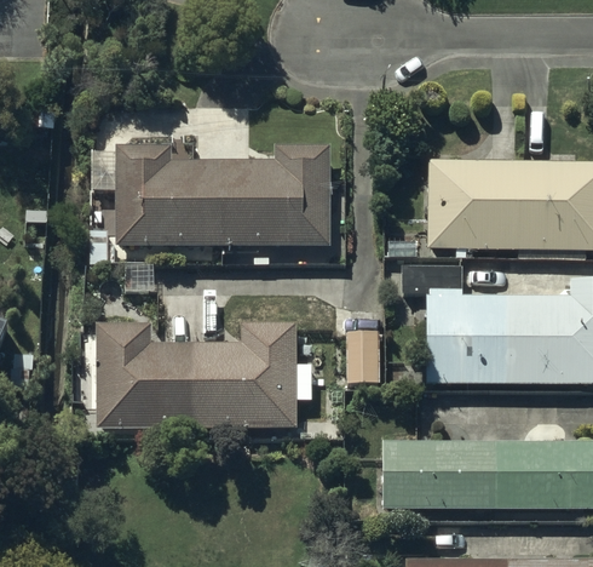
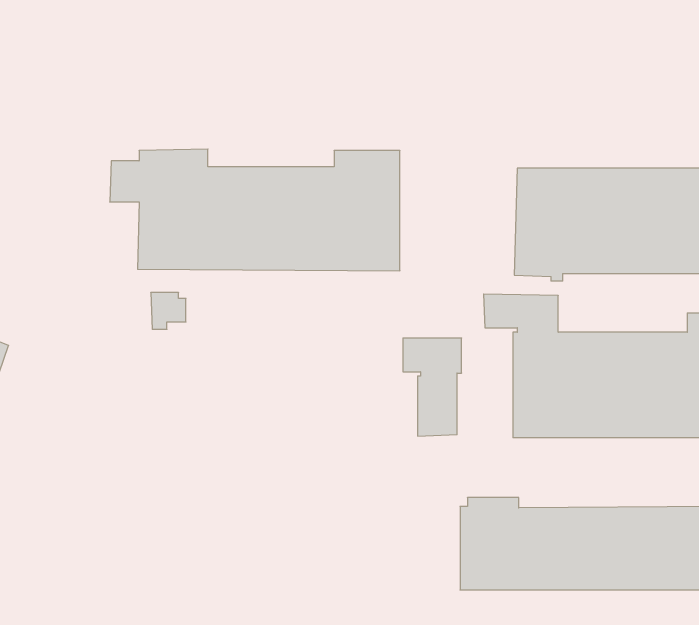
building: [96,321,313,429] -> none

